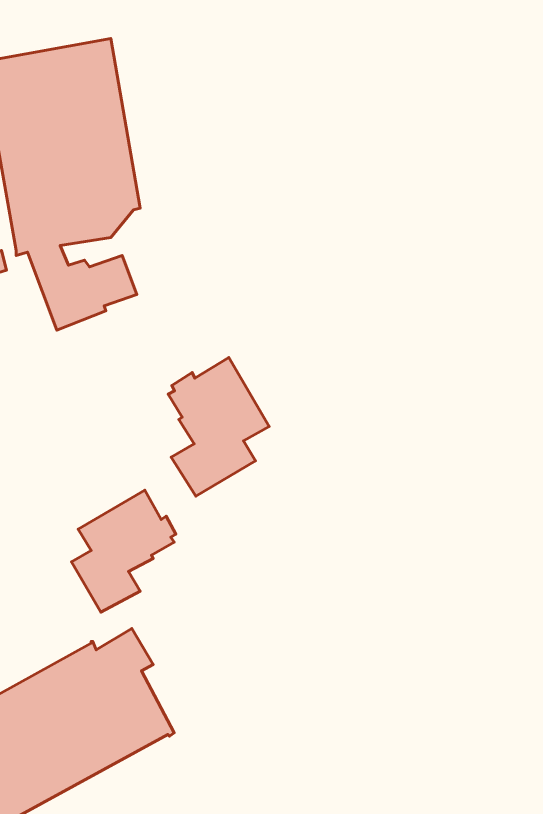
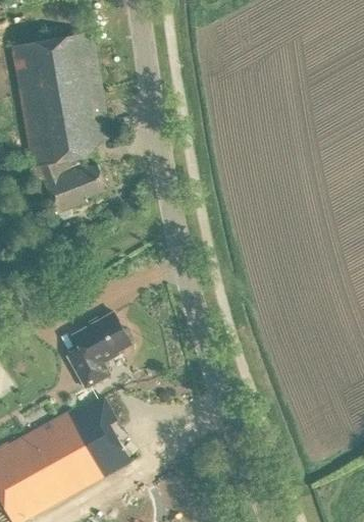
building: [168,357,269,496] -> none

